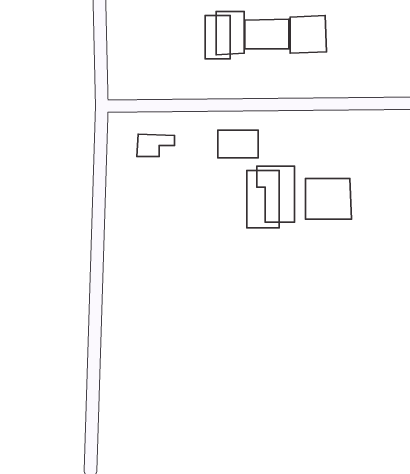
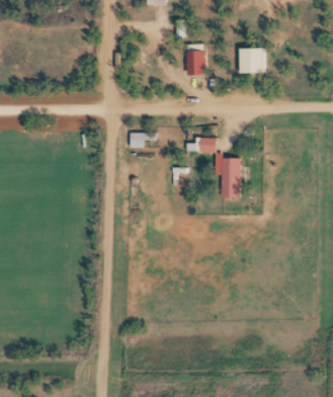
building: [245,19,289,49] -> none
building: [305,178,351,219] -> none

